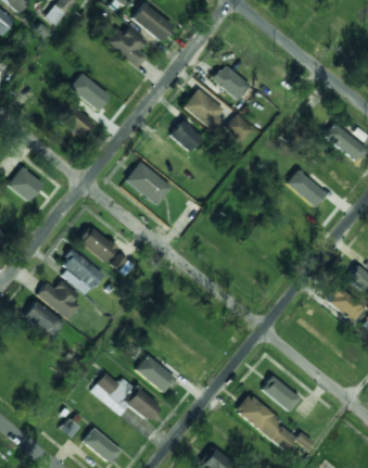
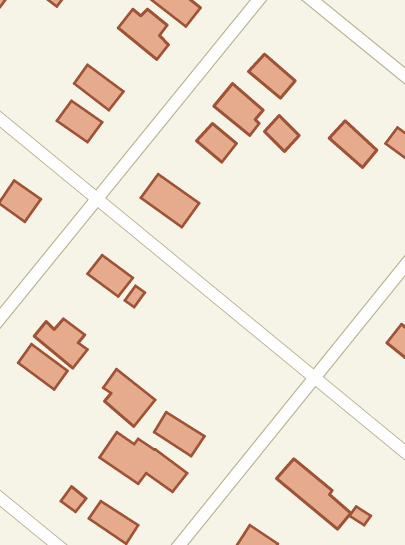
building: [285,169,325,207] -> [329,121,377,167]
building: [61,249,103,295] -> [103,369,155,426]
building: [261,376,300,412] -> none

